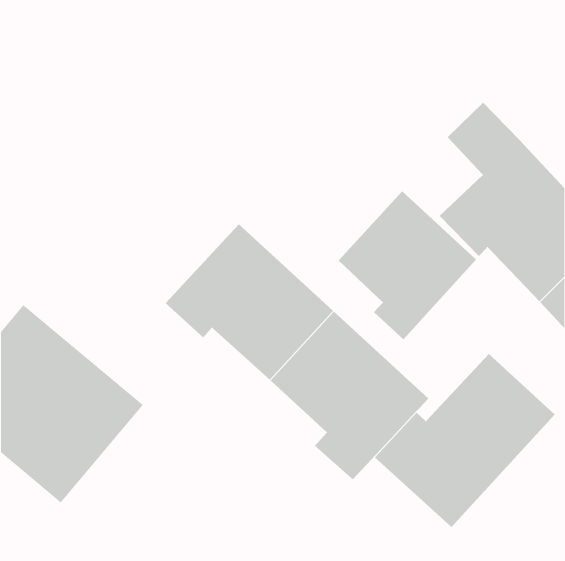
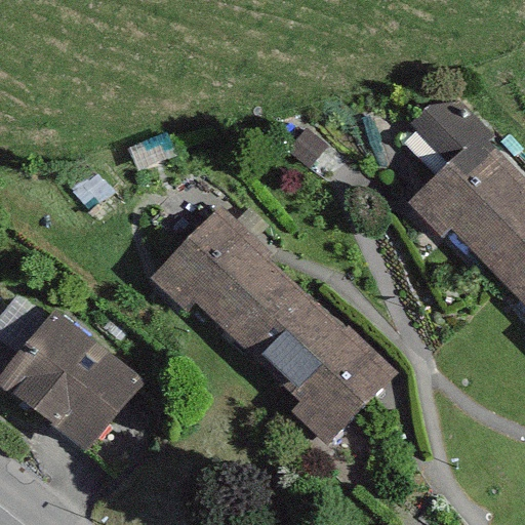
building: [338,191,477,340] -> none
building: [374,353,556,528] -> none

